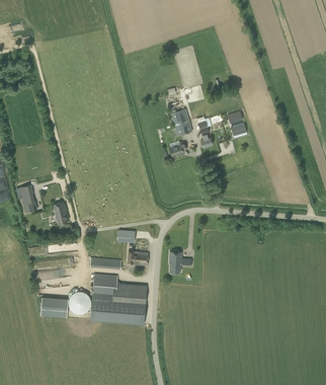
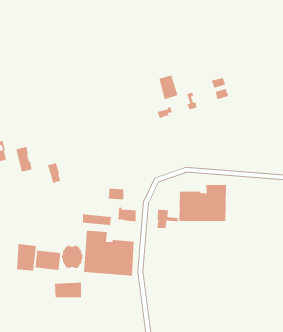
building: none -> [179,184,227,222]
building: none -> [16,243,37,271]
building: none -> [54,282,82,298]

